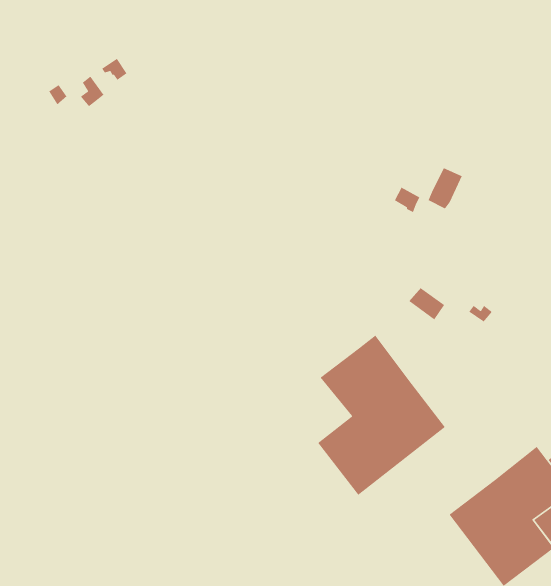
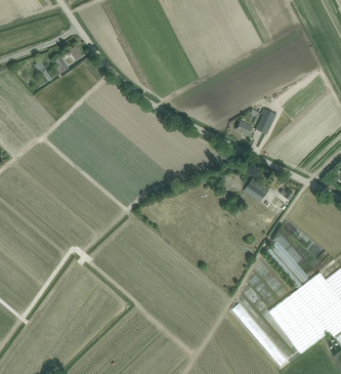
building: [317,334,446,496] -> none

